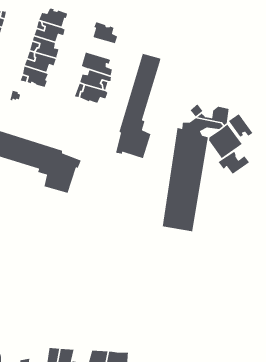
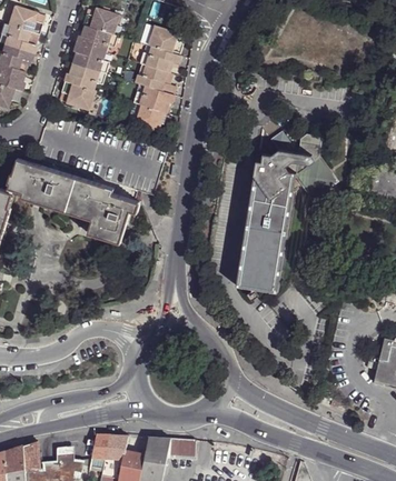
building: none -> [138,49,180,74]
building: [115,53,161,159] -> none
building: [228,113,254,138] -> none
building: [217,150,250,175] -> none

